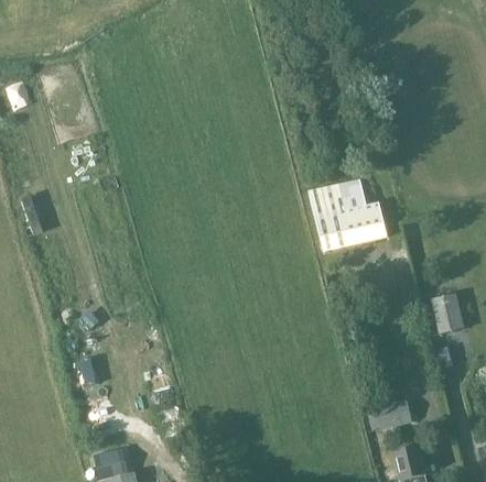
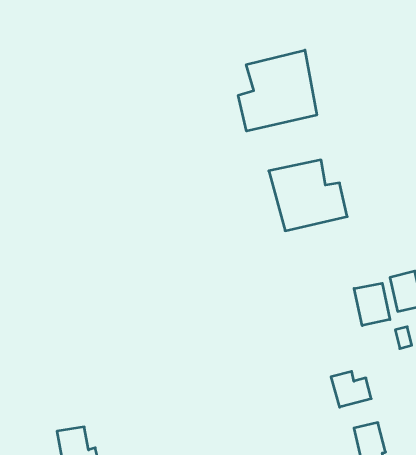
building: none -> [238,50,317,131]
building: none -> [354,283,390,326]

